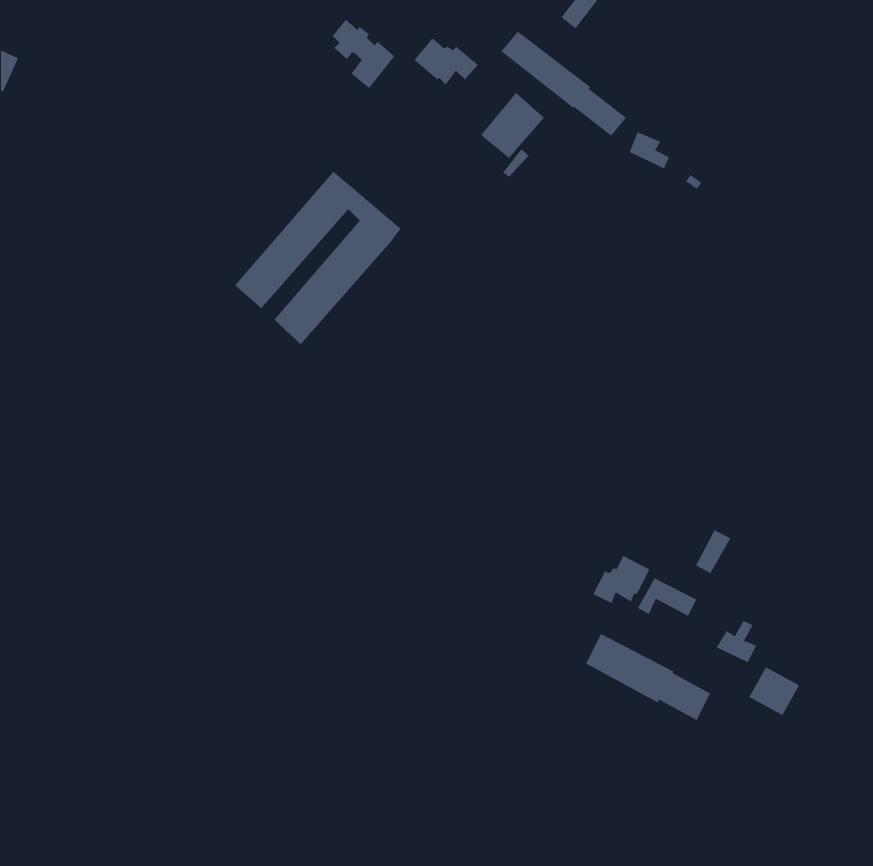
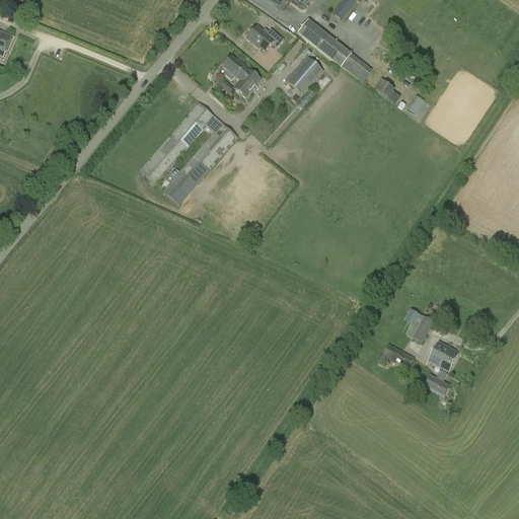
building: [332,19,395,89] -> [222,55,260,96]
building: [592,555,650,604] -> none
building: [585,633,711,721] -> none
building: [749,666,800,716] -> [429,340,459,369]

